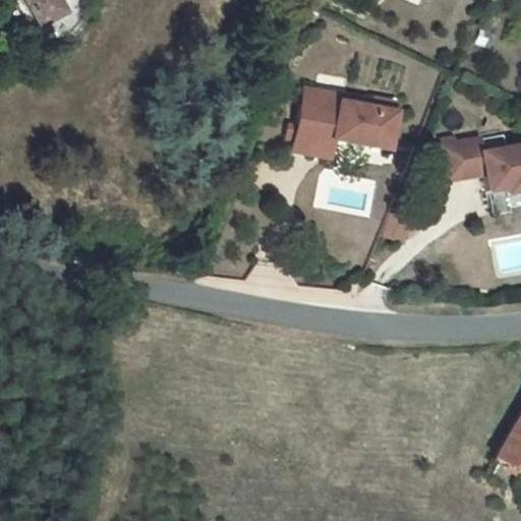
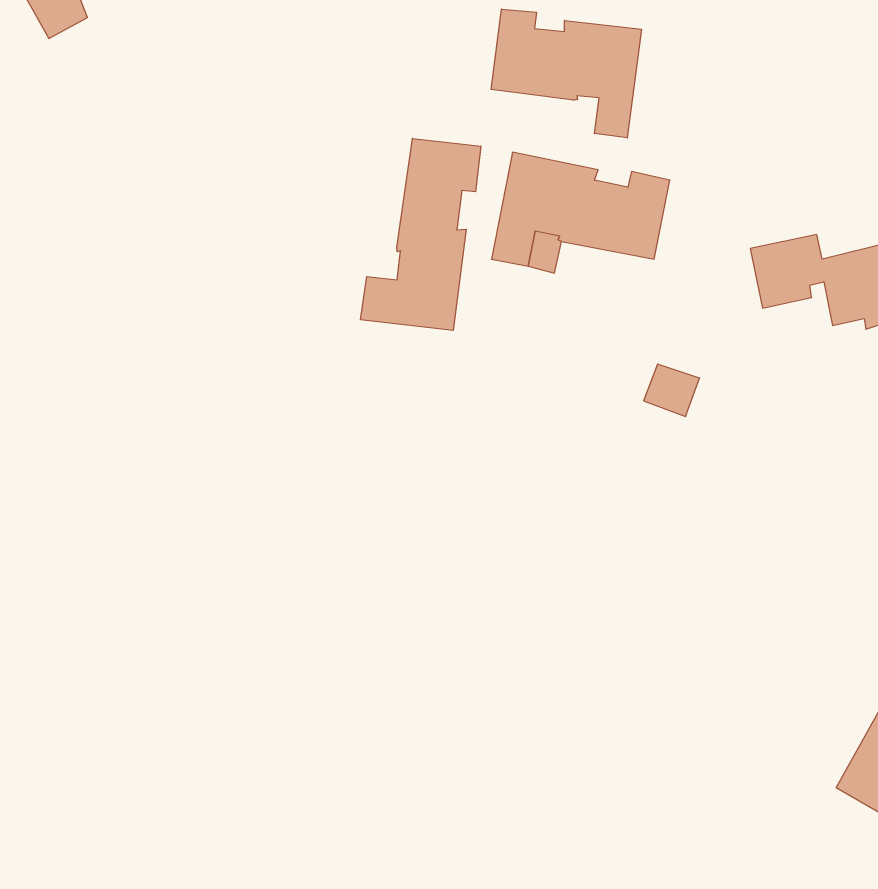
building: none -> [491,9,641,138]
building: none -> [361,138,481,330]

